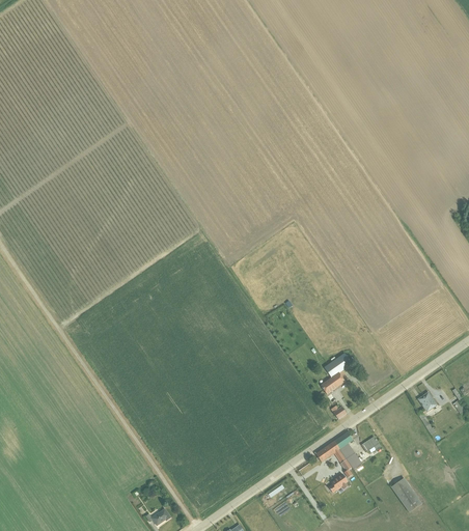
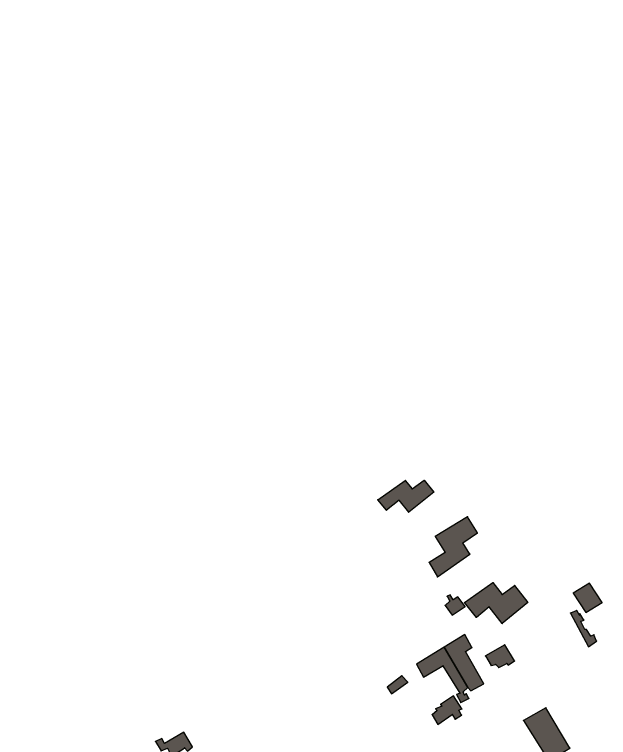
building: none -> [378,480,434,512]
building: none -> [464,583,528,624]

